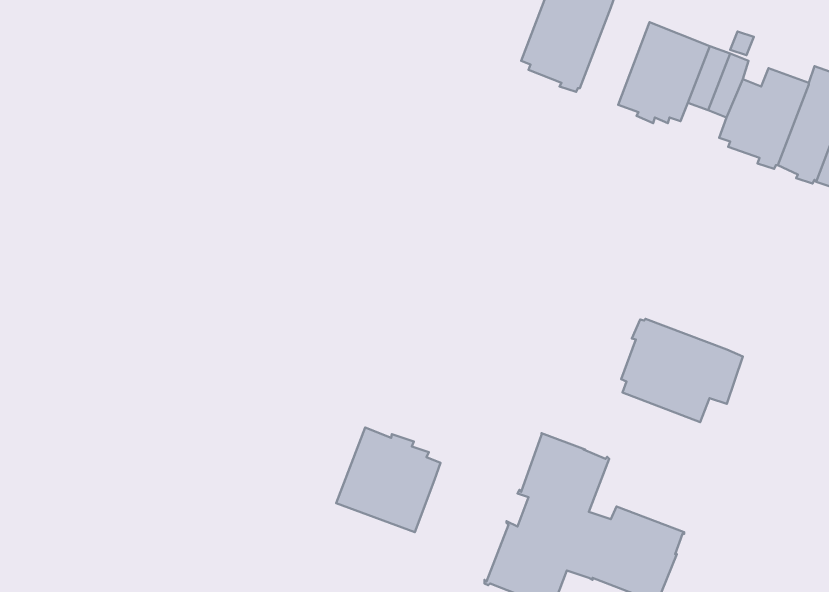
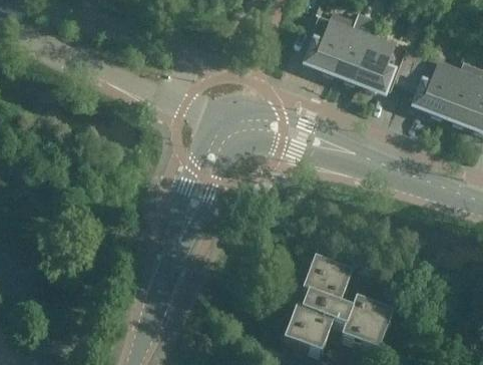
building: none -> [335,28,373,83]
building: [621,319,743,422] -> none
building: [336,428,440,532] -> none

